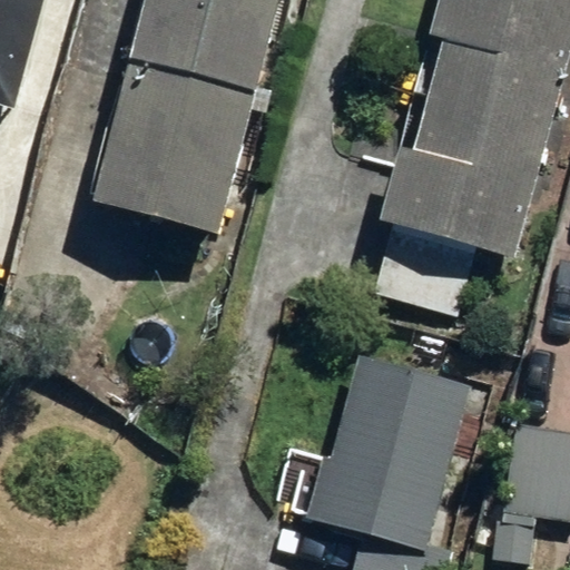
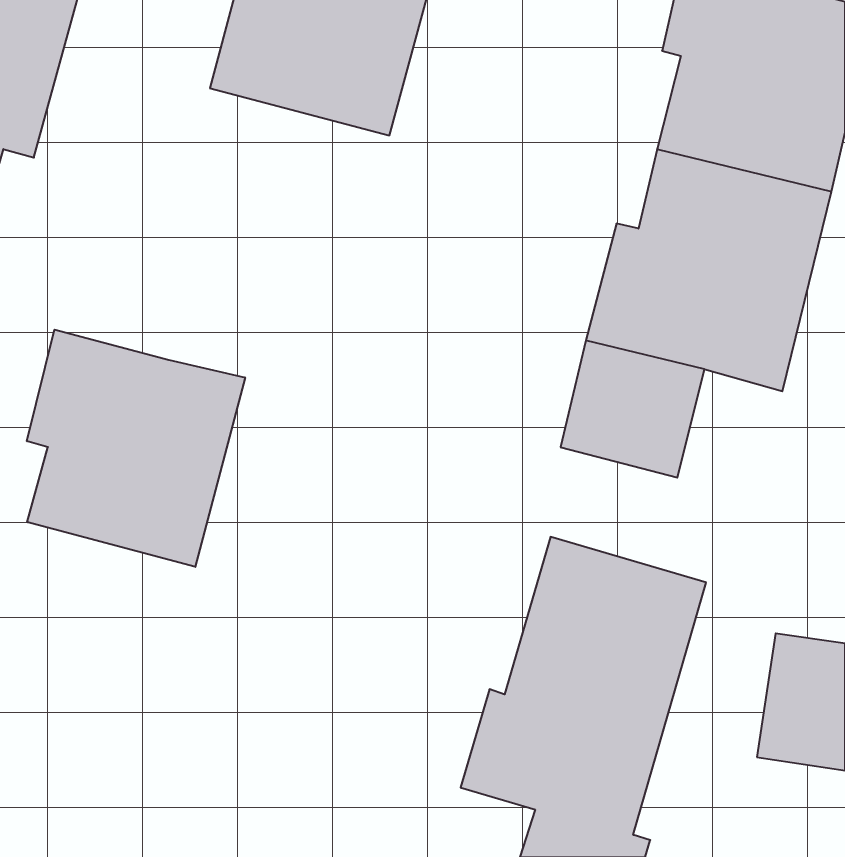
building: [101,58,256,233] -> none
building: none -> [27,330,245,567]

